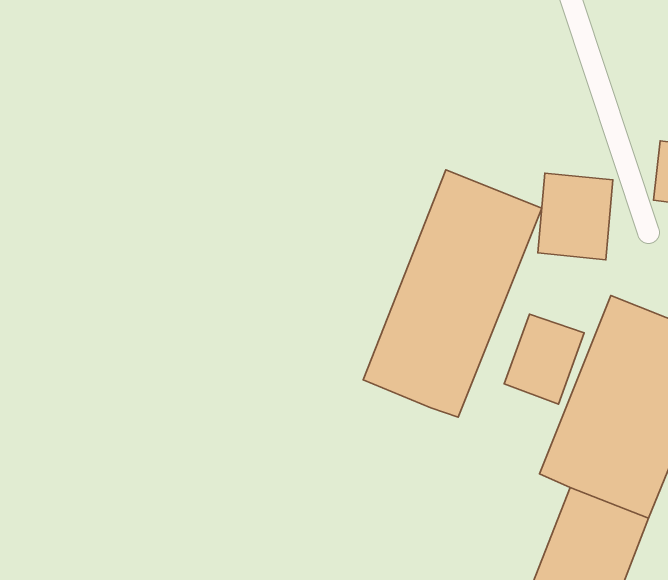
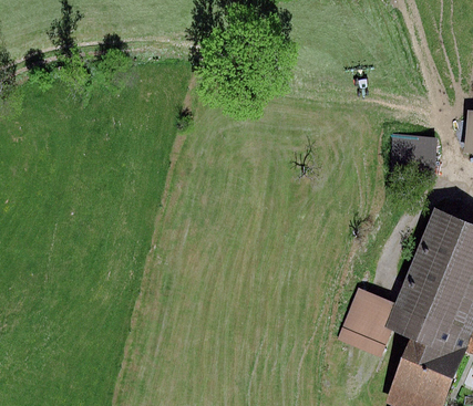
building: [363,170,542,417] -> none
building: [504,314,584,404] -> [341,288,393,346]

